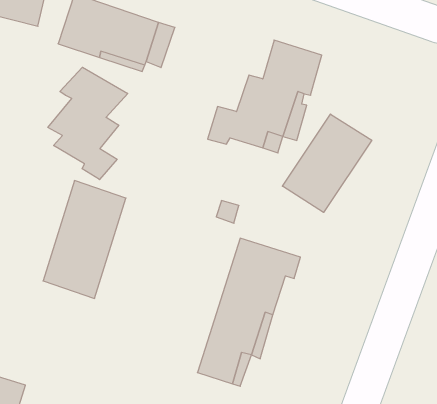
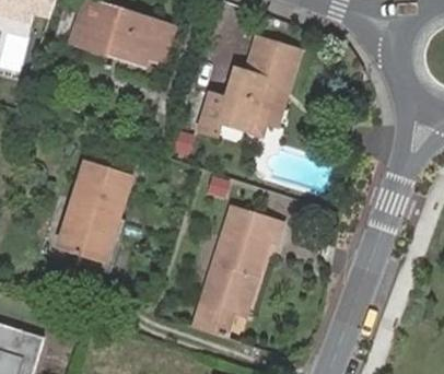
building: [48,67,128,180] -> none
building: [282,114,372,212] -> none

